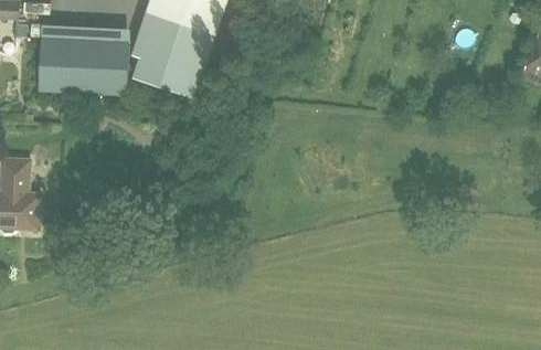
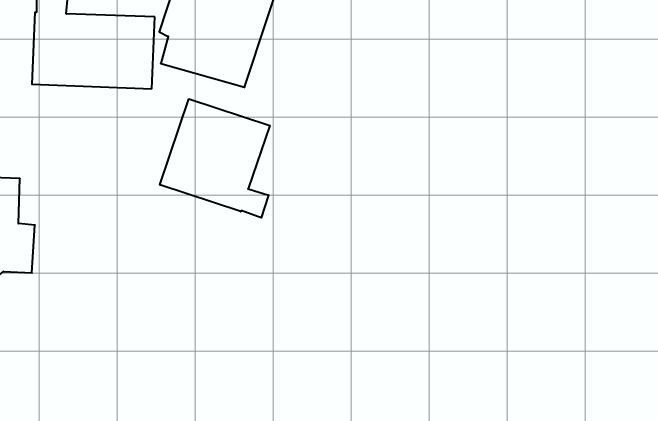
building: none -> [160,99,270,218]

